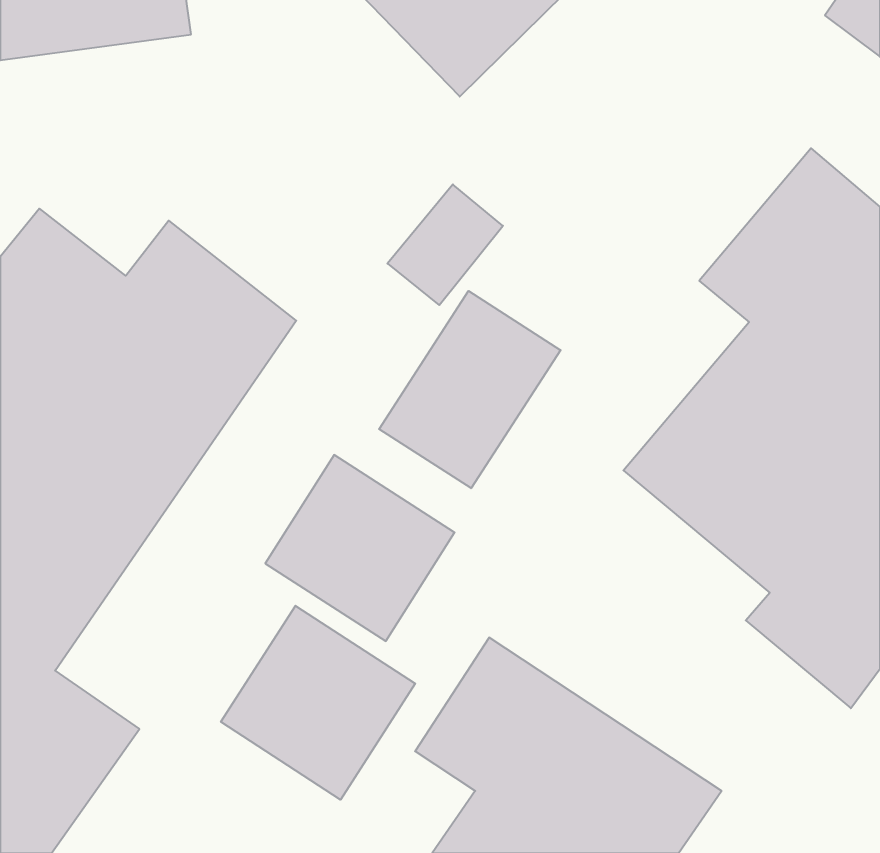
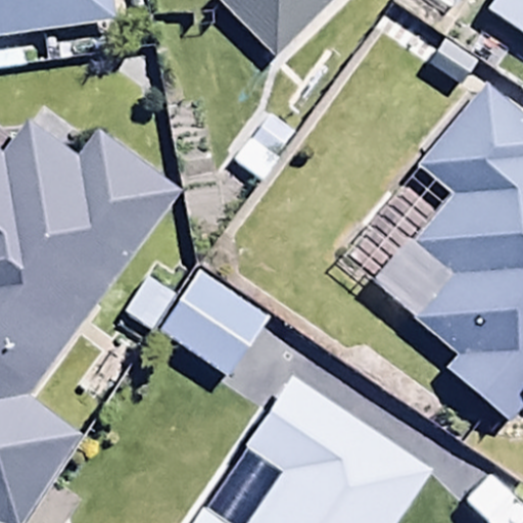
building: [379,291,561,488] -> none
building: [221,606,415,800] -> none

